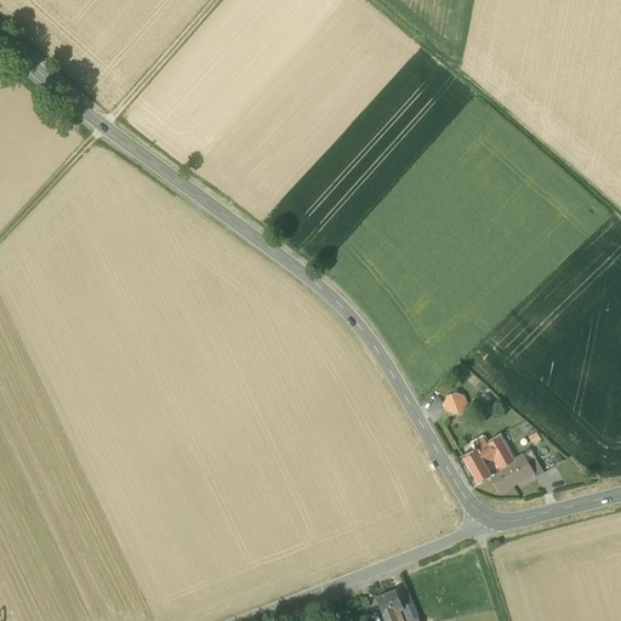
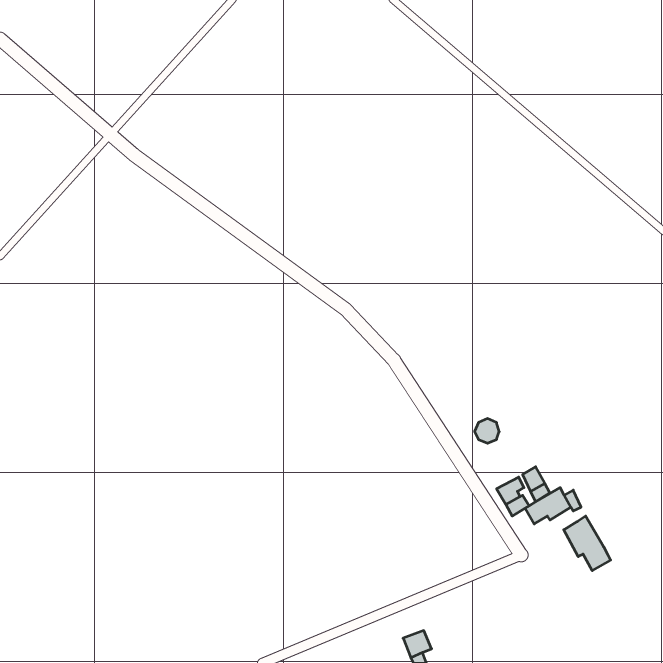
building: none -> [564,516,611,571]

